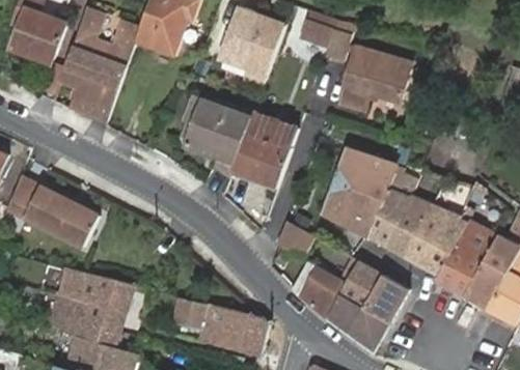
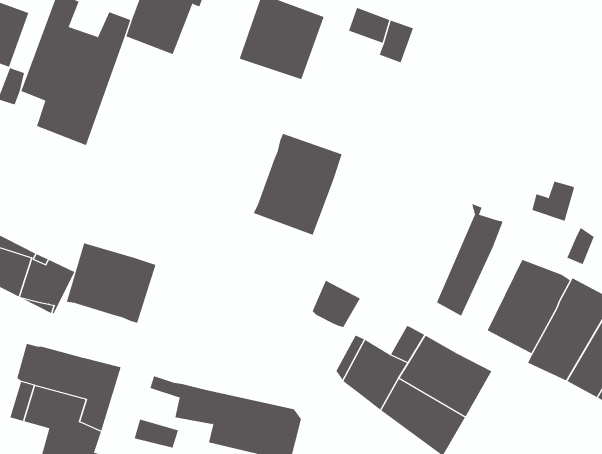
building: [338,47,413,111] -> none
building: [183,98,250,165] -> none
building: [322,148,394,237] -> none
building: none -> [66,242,156,324]
building: [385,196,430,258] -> none

